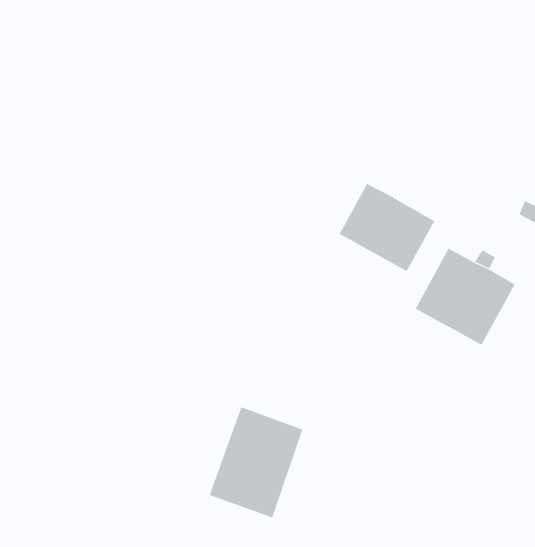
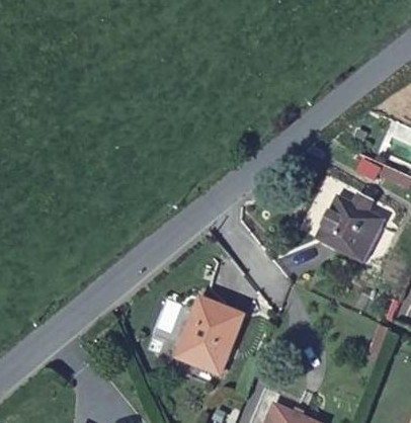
building: [339,183,435,272] -> none

